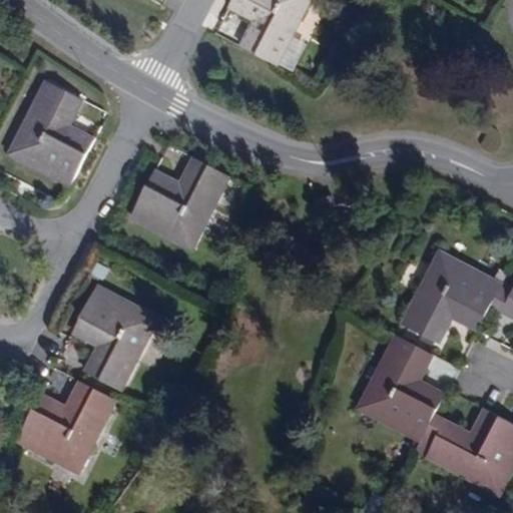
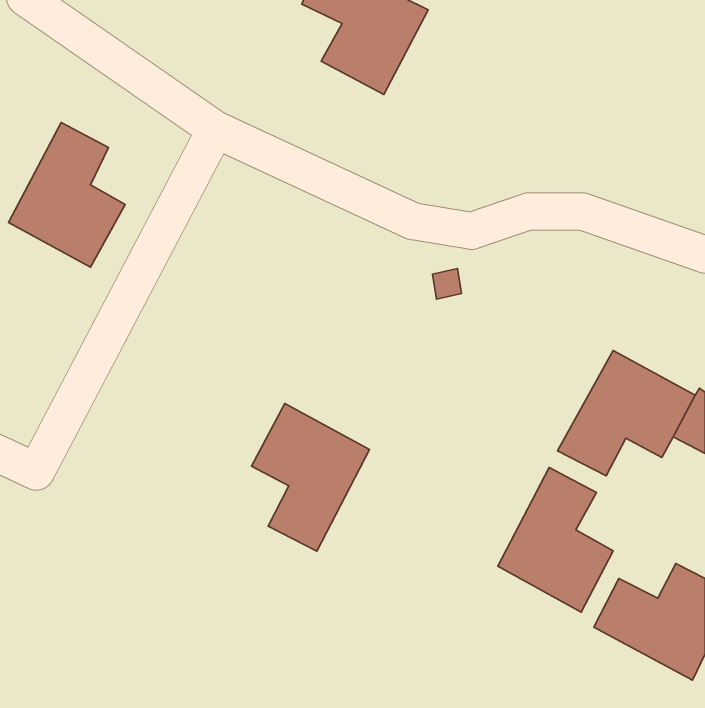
building: [125,153,224,245] -> none
building: [74,284,159,390] -> [251,404,370,551]
building: [14,383,115,475] -> none

